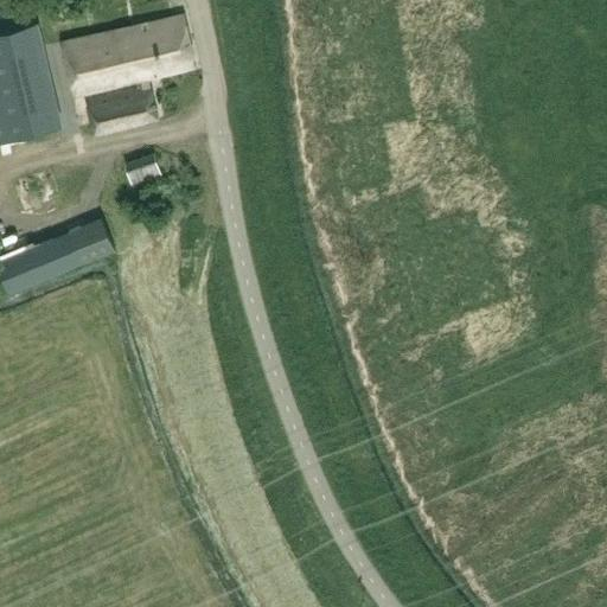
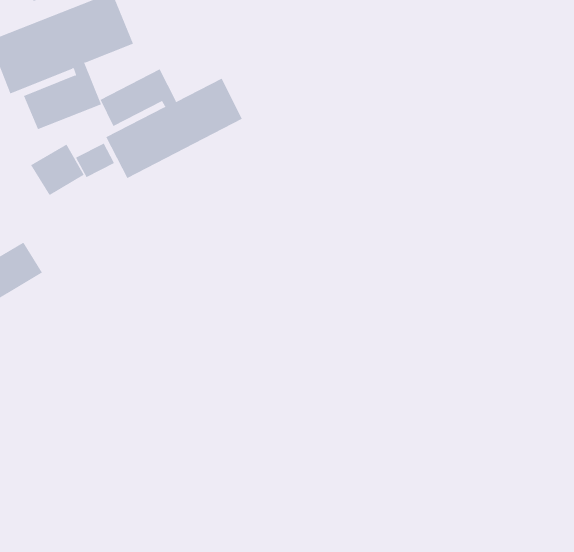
building: none -> [100,69,243,179]
building: [66,218,115,263] -> [30,144,85,196]

